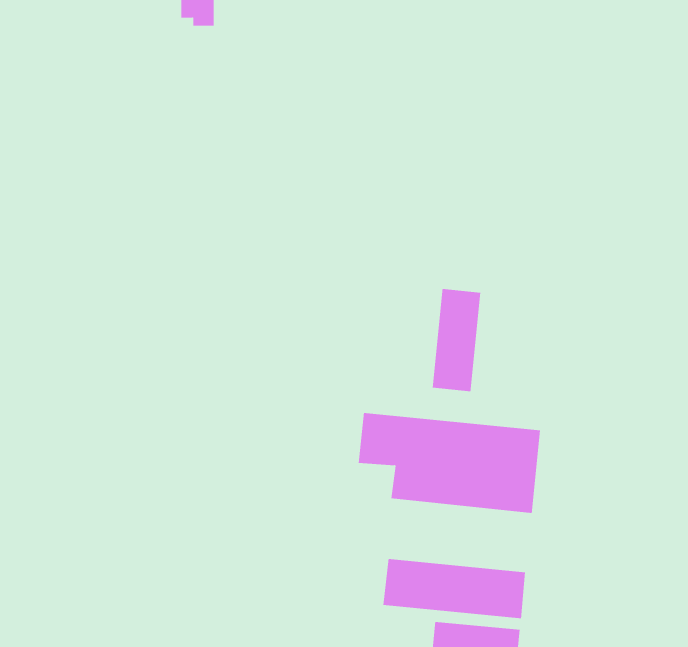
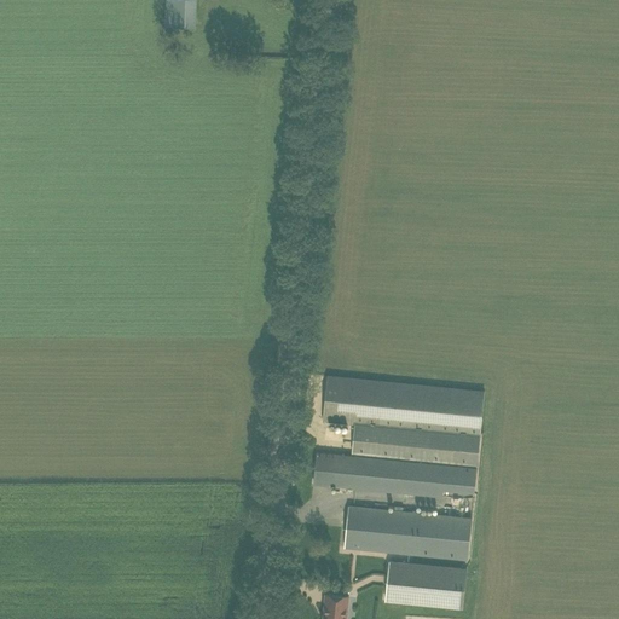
building: [432,288,481,392] -> none
building: none -> [313,452,475,497]

